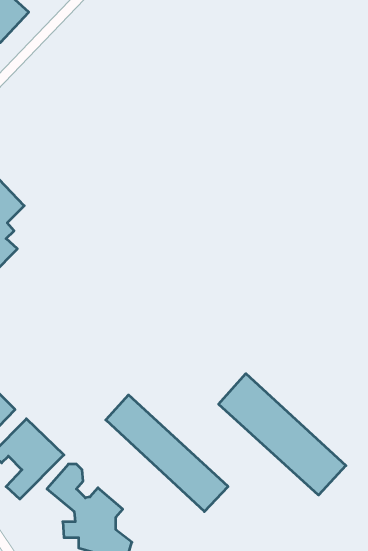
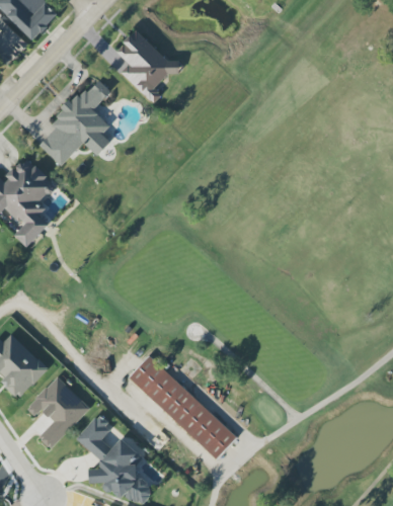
building: none -> [115,28,176,103]
building: none -> [38,77,110,166]
building: [219,374,346,495] -> none

